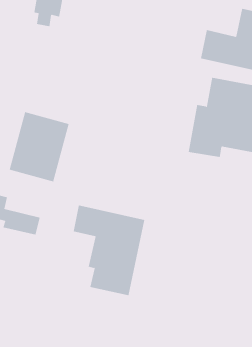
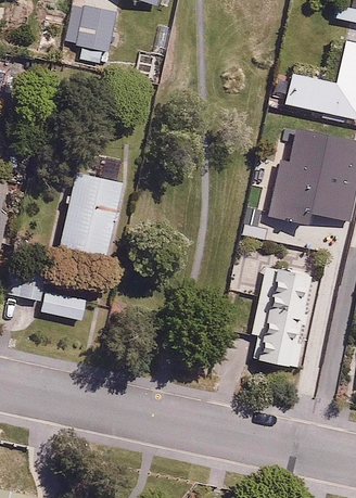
building: [73,205,145,296] -> [231,257,320,369]

